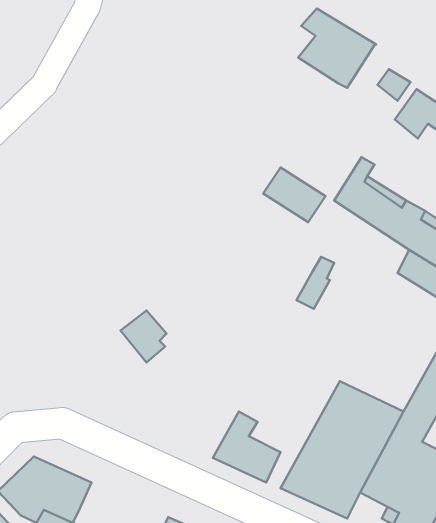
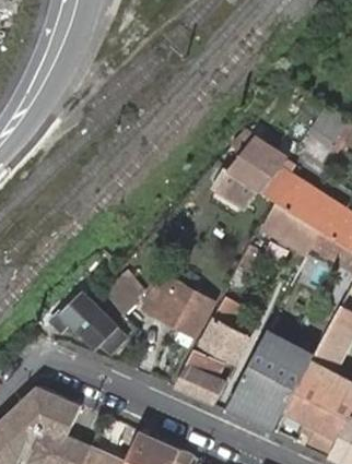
building: [298,8,376,88] -> [227,132,286,192]
building: none -> [261,200,321,254]
building: none -> [142,274,212,336]
building: none -> [50,294,124,352]
building: none -> [202,319,248,358]

